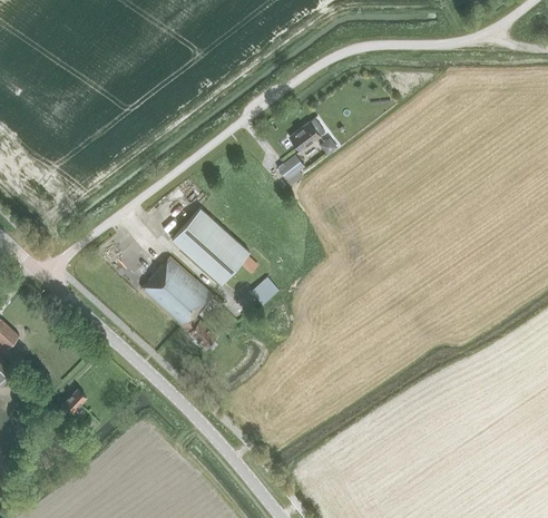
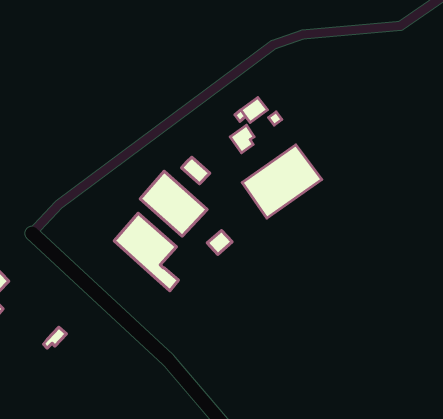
building: none -> [242,145,322,218]
building: none -> [182,157,210,184]

